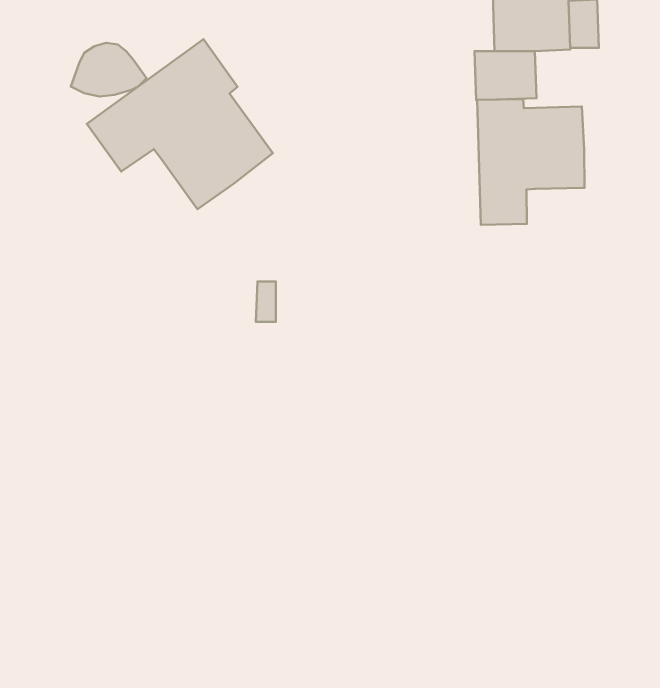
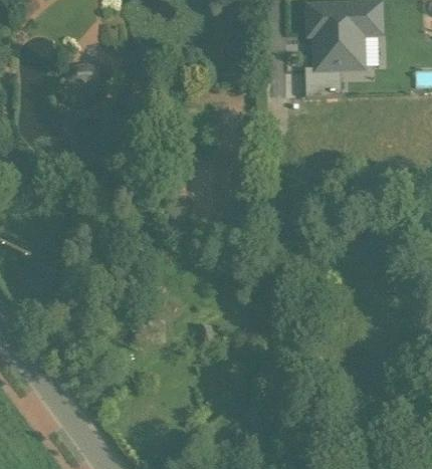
building: [87,39,273,209] -> none
building: [477,99,584,225] -> none

